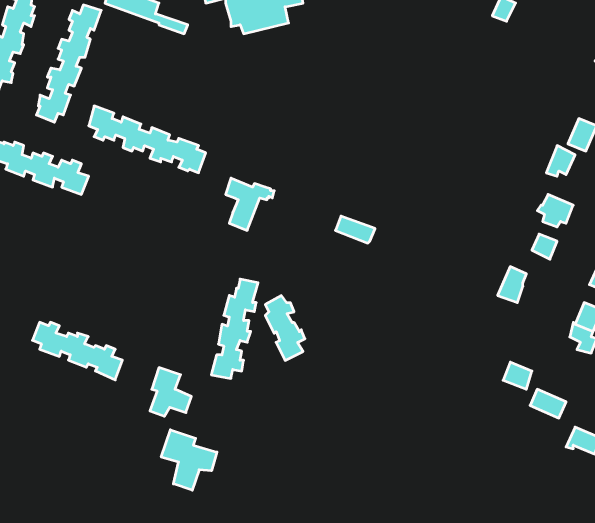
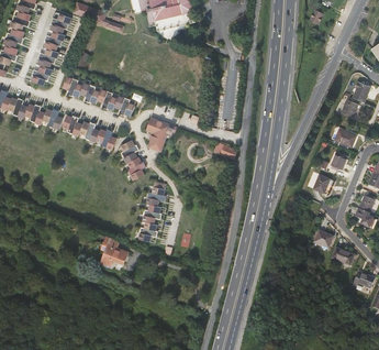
building: [265,296,305,360] -> [121,140,145,179]
building: [32,322,122,380] -> [62,114,116,150]
building: [161,430,217,490] -> none

